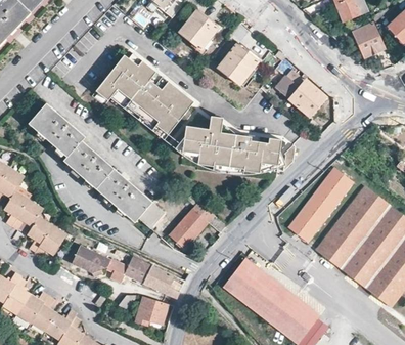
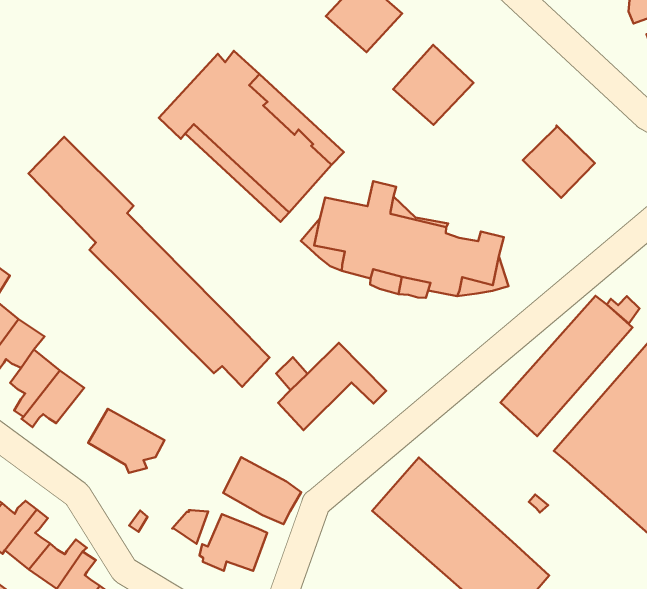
building: [277,70,305,98] -> none
building: [106,255,151,284] -> none

